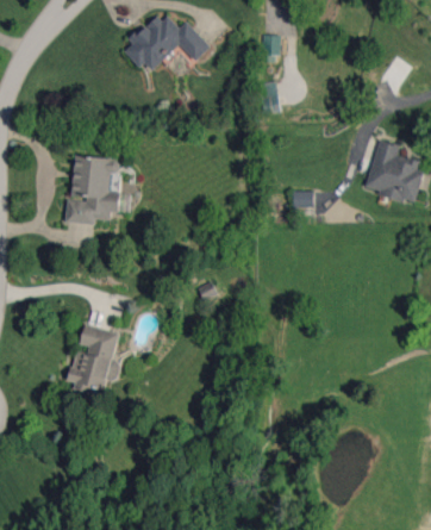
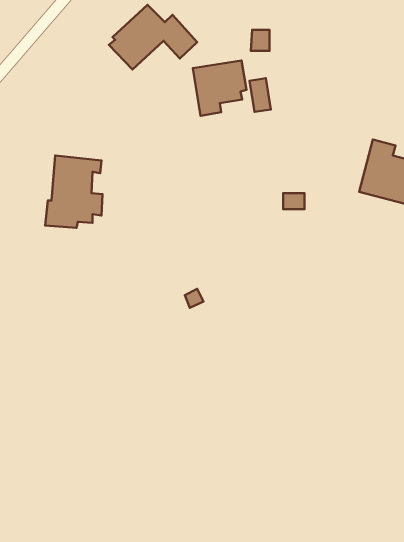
building: none -> [193,60,246,116]
building: [68,324,121,393] -> none

